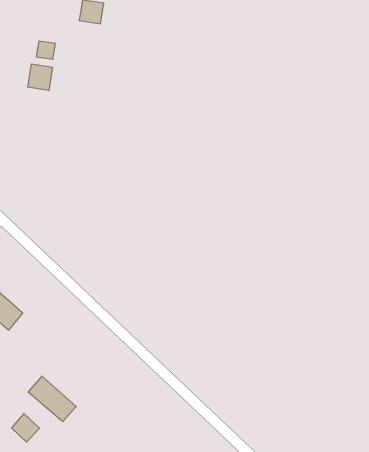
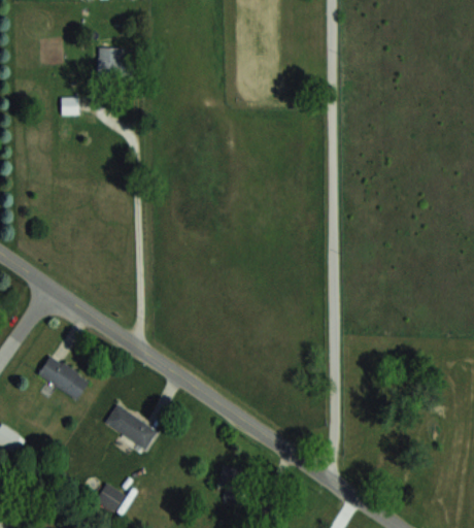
building: [28,64,52,91] -> none
building: [28,376,76,421] -> [105,405,157,449]

